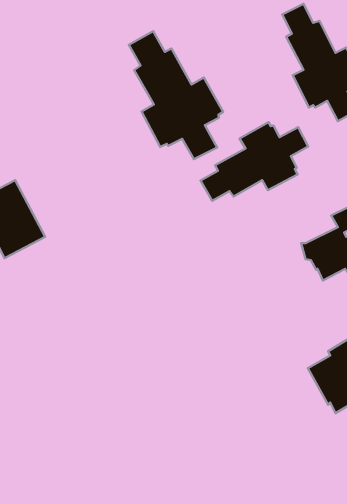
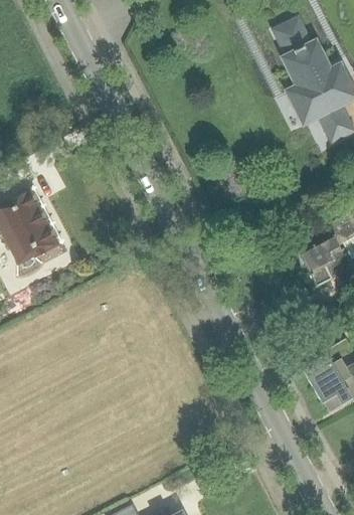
building: [129,31,223,159] -> none
building: [201,122,308,201] -> none

